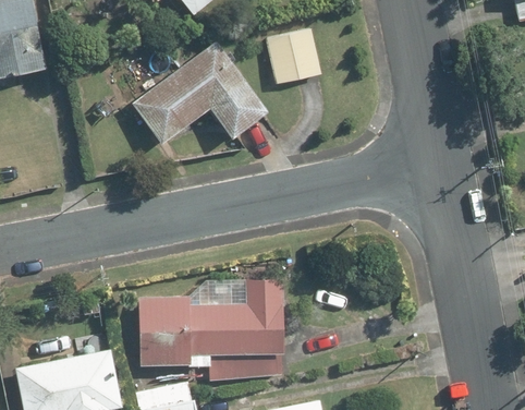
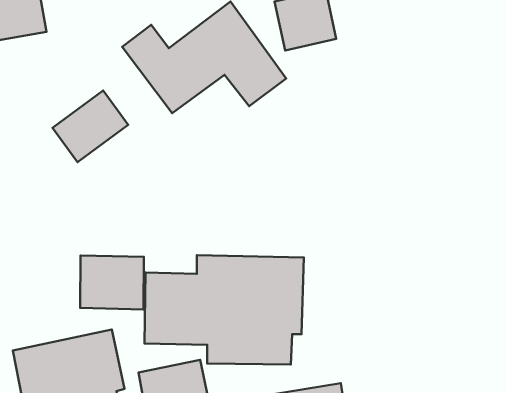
building: none -> [53,90,128,162]
building: none -> [80,256,144,309]

